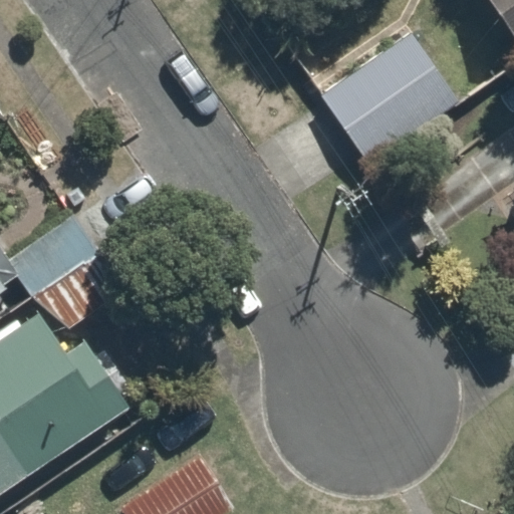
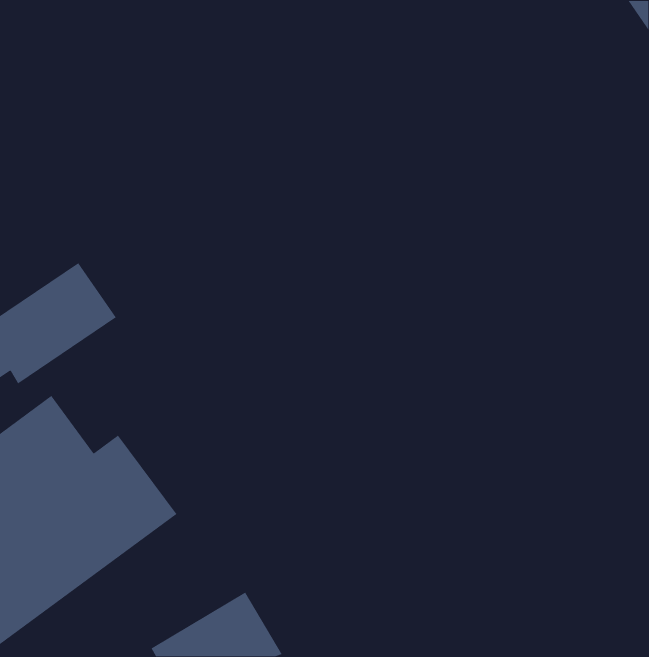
building: [316,22,470,167] -> none

